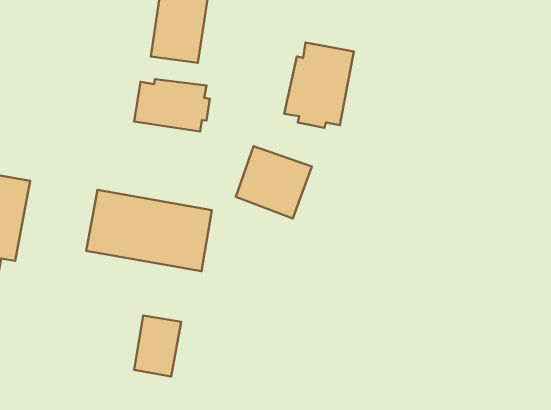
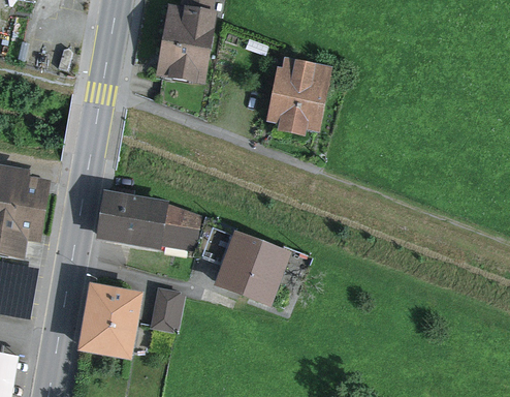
building: [134,79,210,132] -> none
building: [236,146,312,218] -> [217,243,279,302]
building: none -> [79,293,132,358]

